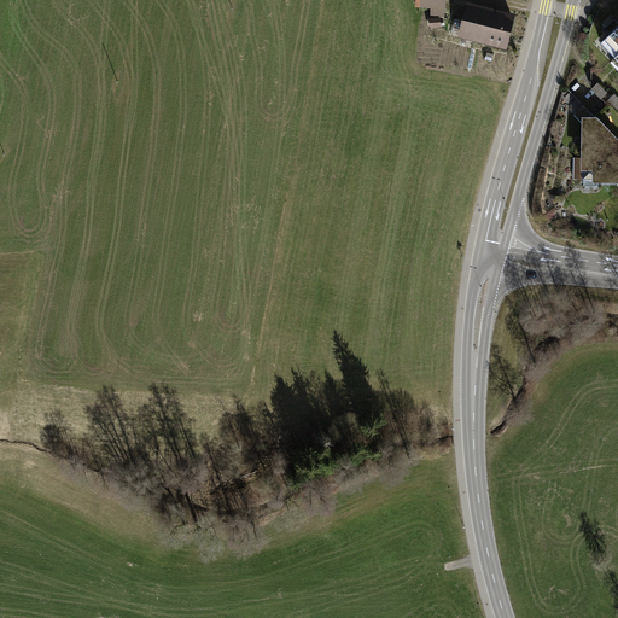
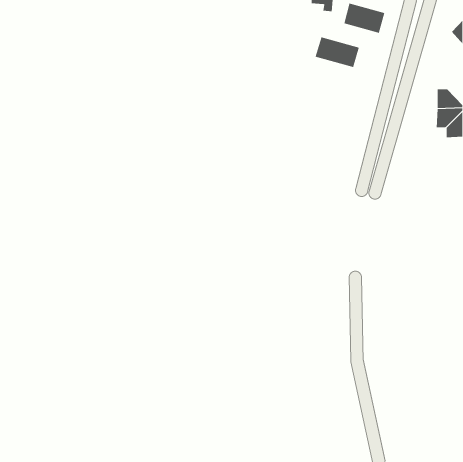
building: none -> [315,36,360,68]

